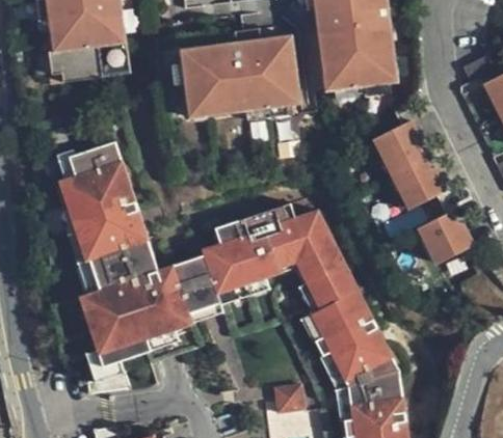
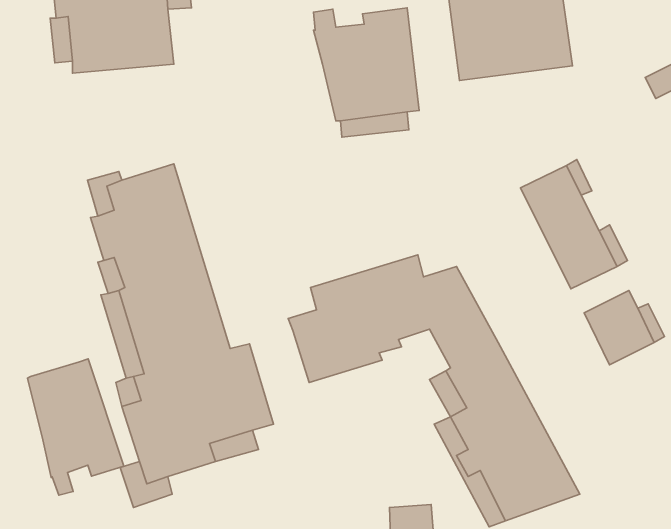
building: [174,39,236,116] -> none
building: [176,256,222,322] -> none
building: none -> [28,359,124,495]

